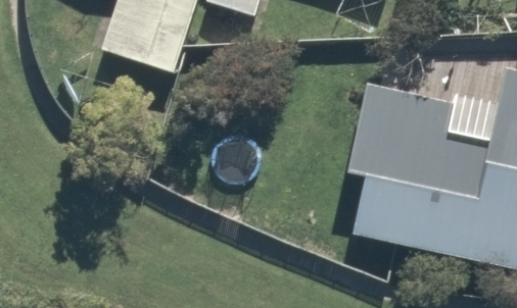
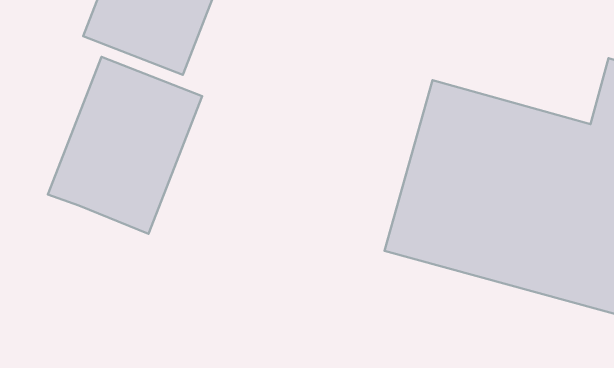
building: none -> [48,57,202,234]

